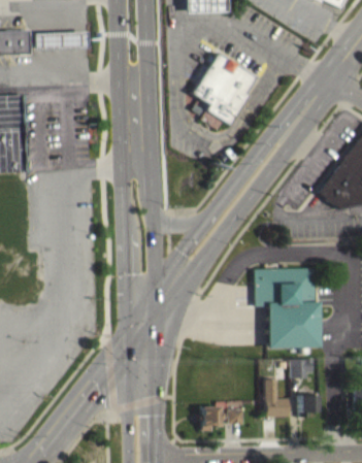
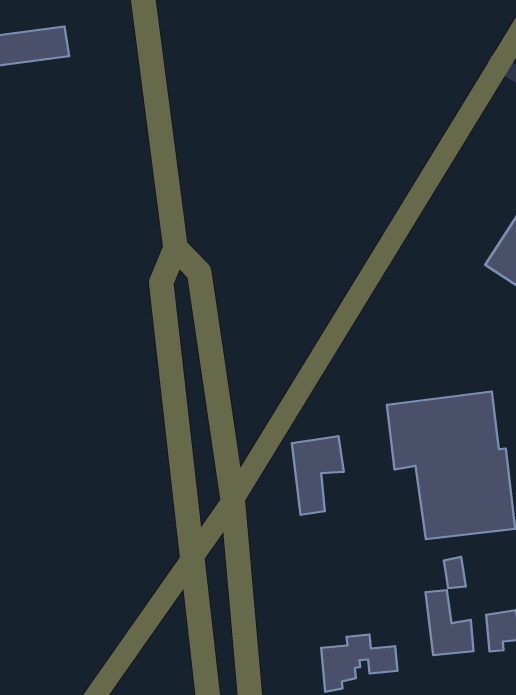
building: [193,53,257,129] -> none
building: none -> [292,436,344,515]
building: [291,358,314,377] -> none

